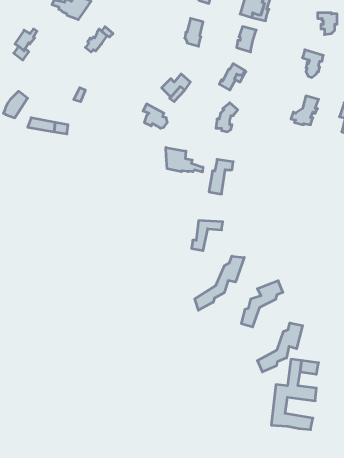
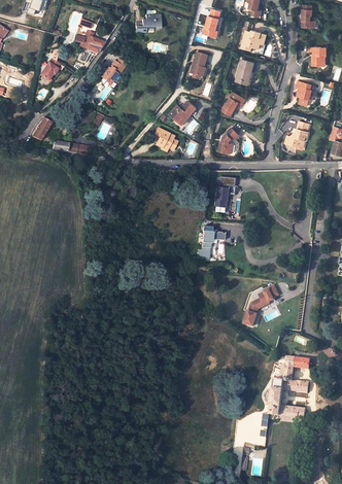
building: [166,147,203,172] -> none
building: [195,256,244,310] -> none
building: [257,323,303,372] -> none

